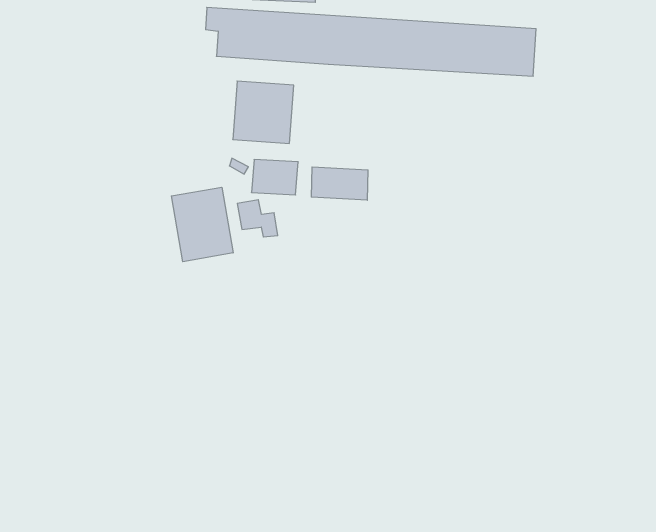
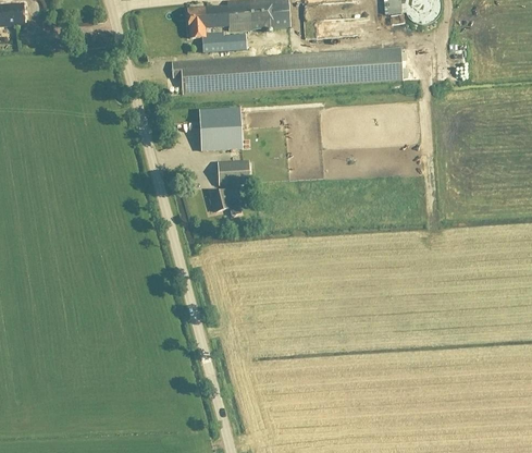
building: [311,167,368,200] -> none
building: [171,187,233,262] -> none

